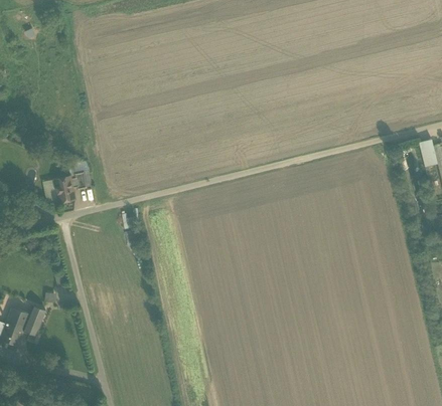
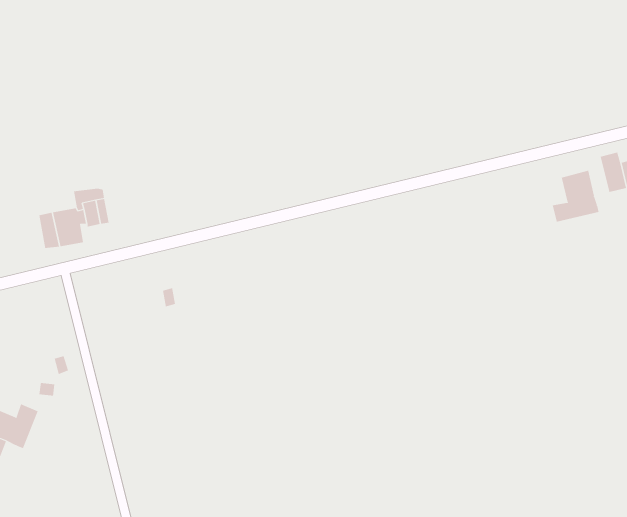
building: none -> [552,170,599,223]

